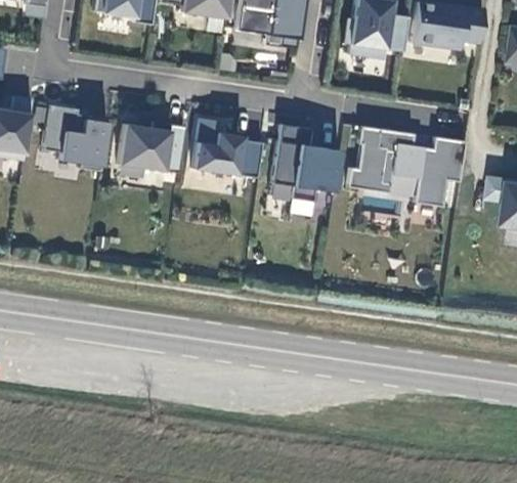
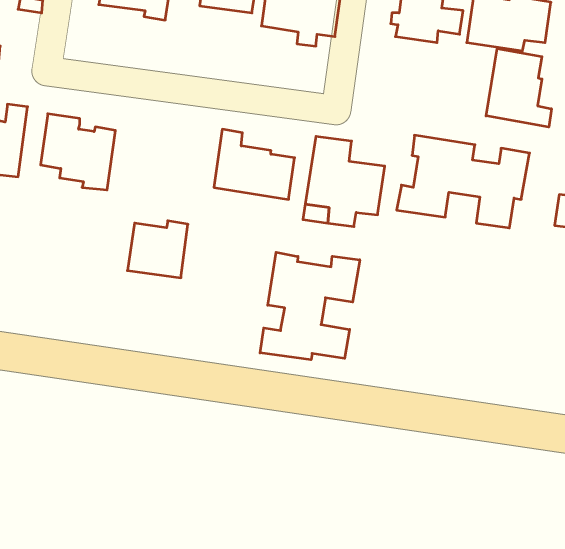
building: none -> [486,49,551,127]
building: [119,122,171,171] -> [127,221,188,278]
building: none -> [260,252,360,360]

